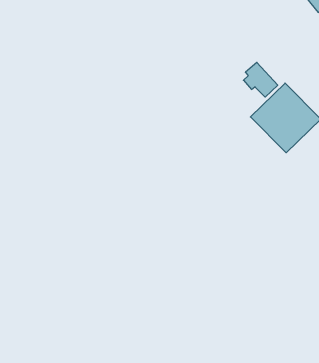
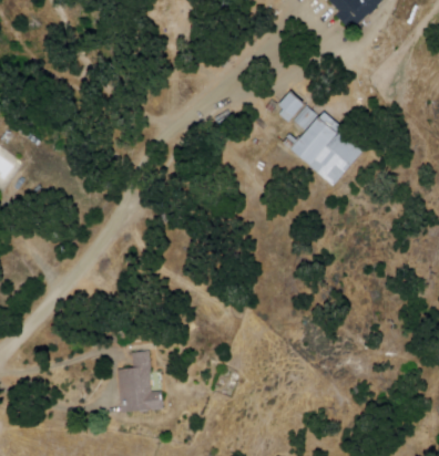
building: none -> [116,348,163,412]

